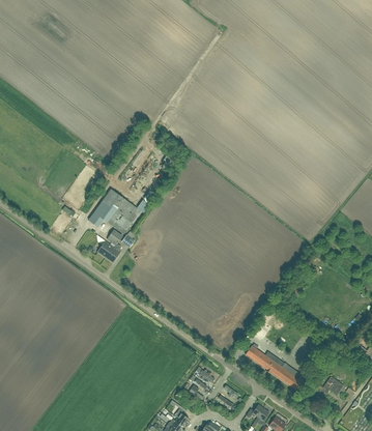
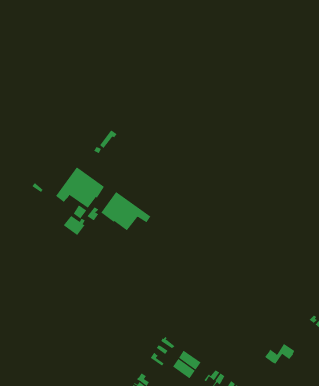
building: none -> [101,191,151,231]
building: [245,345,303,390] -> none

